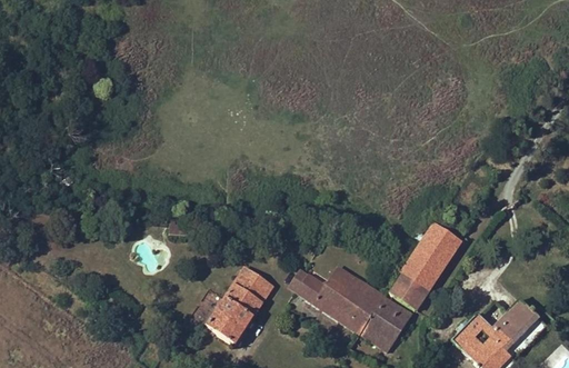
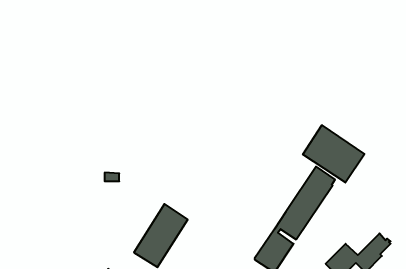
building: none -> [303,125,364,183]
building: [289,266,386,335] -> none

